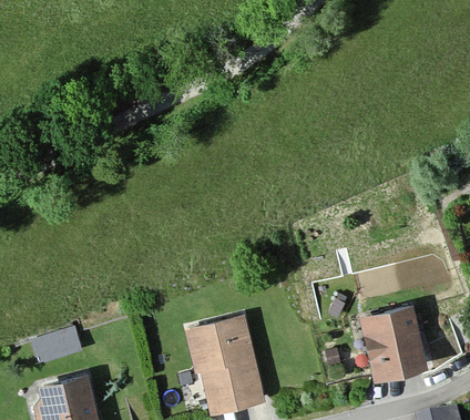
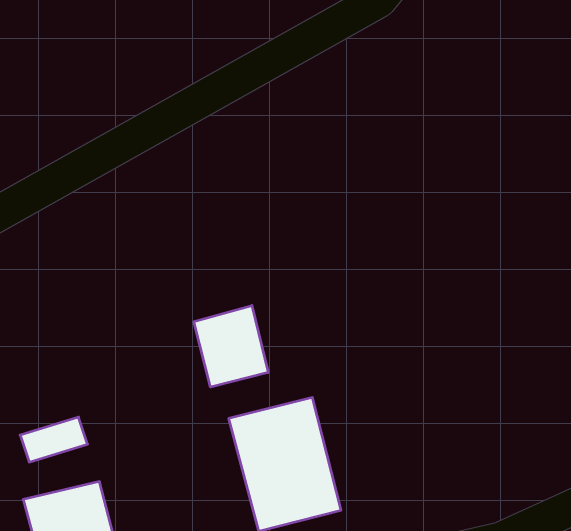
building: none -> [194,305,268,387]
building: [360,305,428,376] -> none

